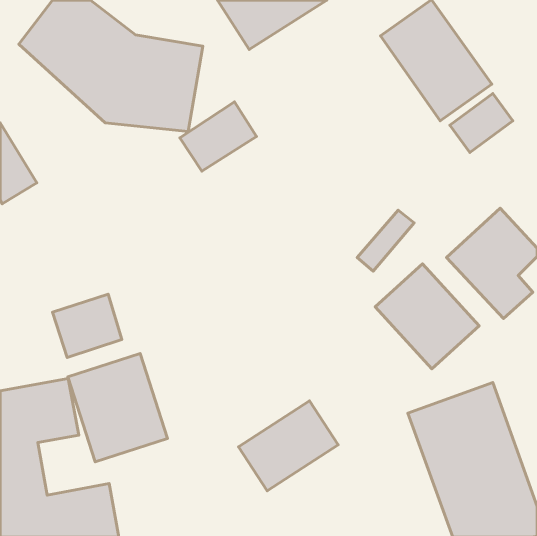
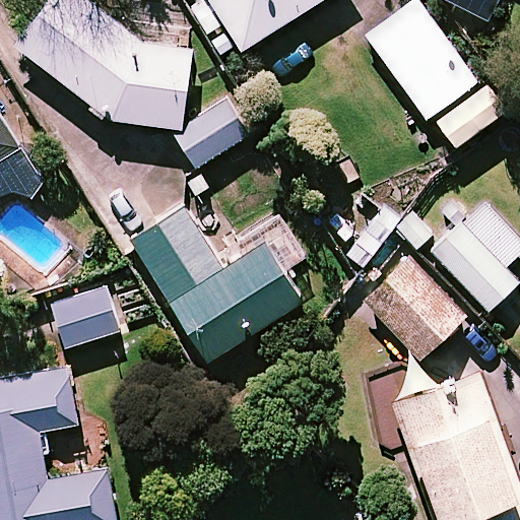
building: none -> [130,206,300,386]
building: [68,354,167,462] -> none
building: [238,401,338,491] -> none

